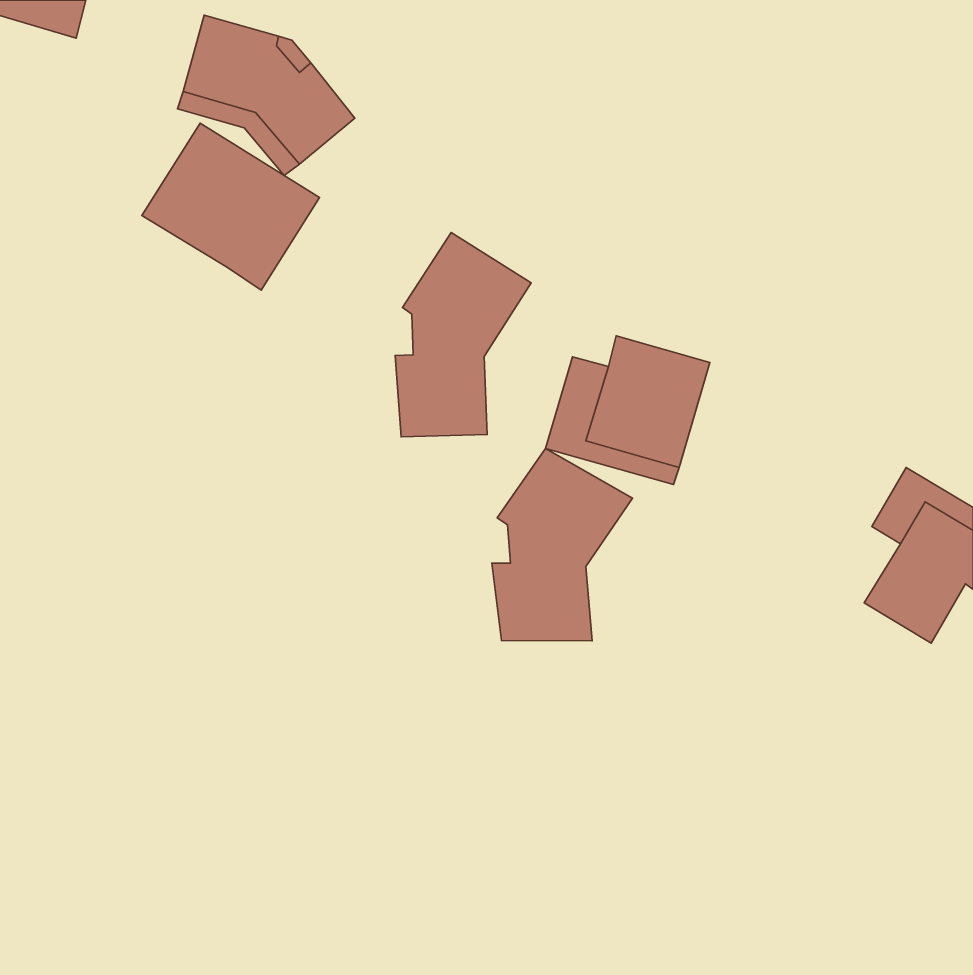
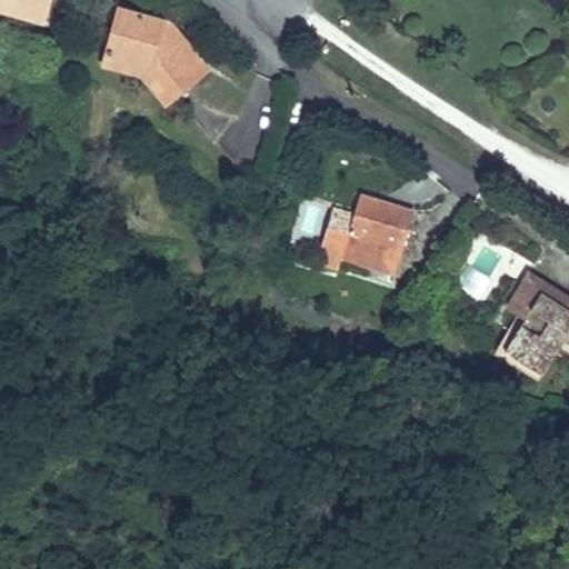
building: [142,123,320,290] -> none
building: [395,232,531,437] -> none
building: [492,448,633,641] -> none

